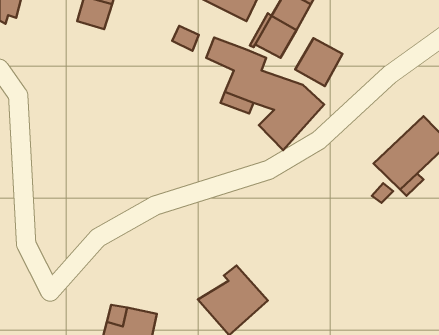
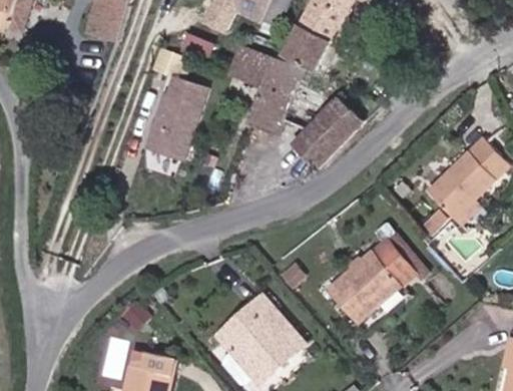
building: [295,38,343,86] -> none
building: none -> [146,72,209,157]
building: none -> [328,235,420,324]

